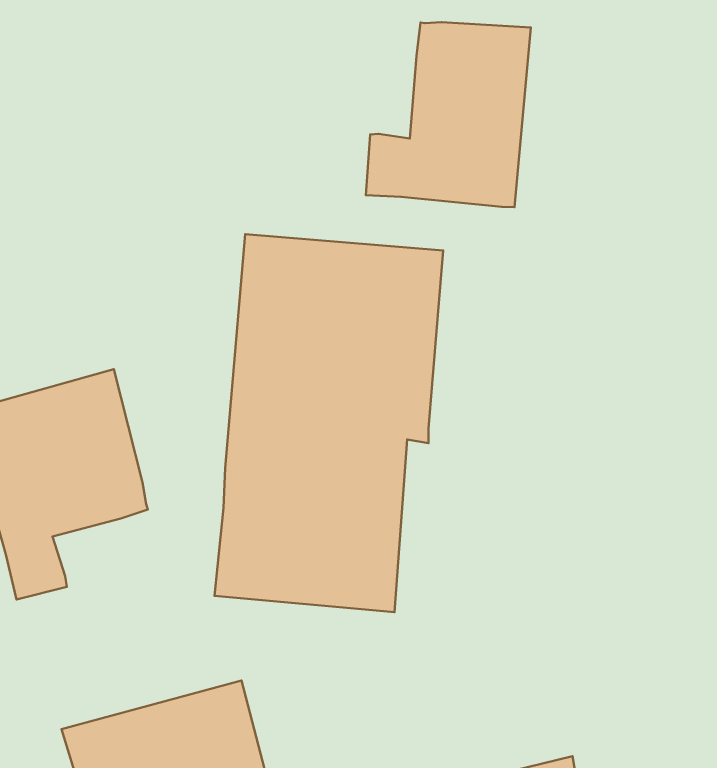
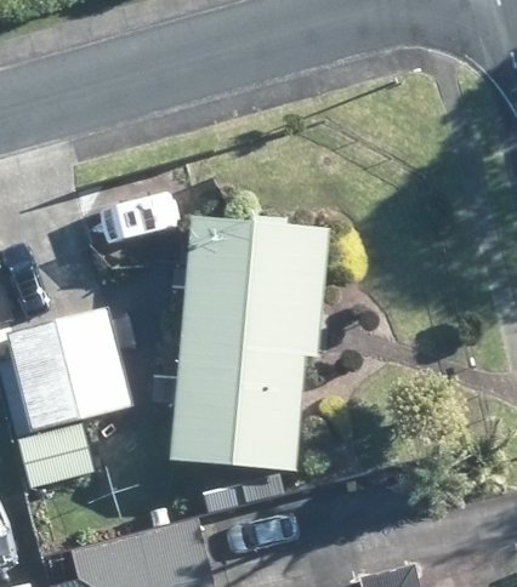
building: [366,22,531,207] -> none

